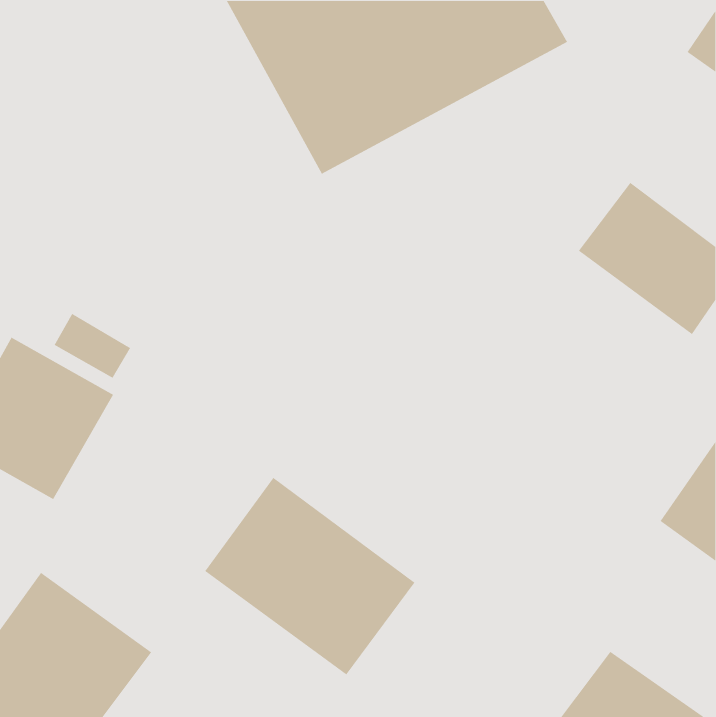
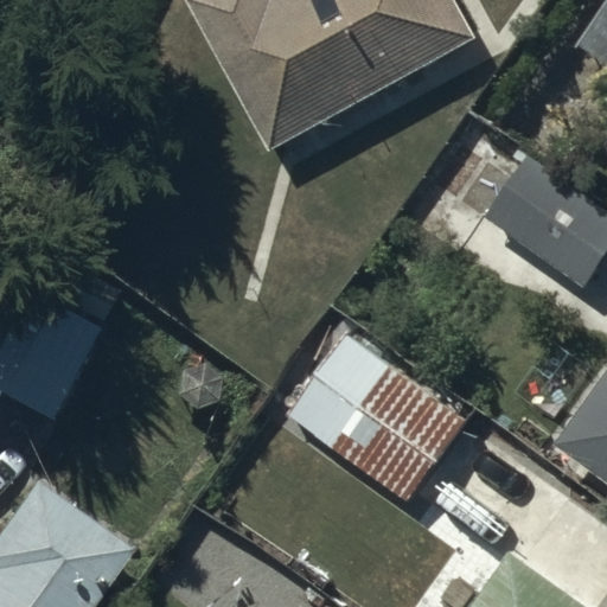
building: [204,477,415,675] -> [288,334,466,501]

